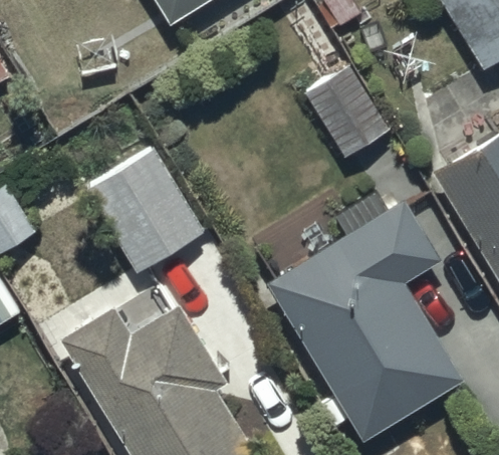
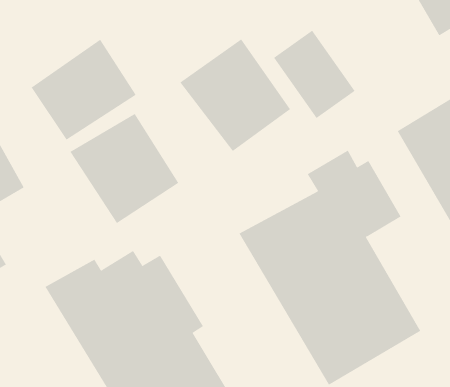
building: none -> [180,38,291,152]
building: none -> [31,39,137,140]

